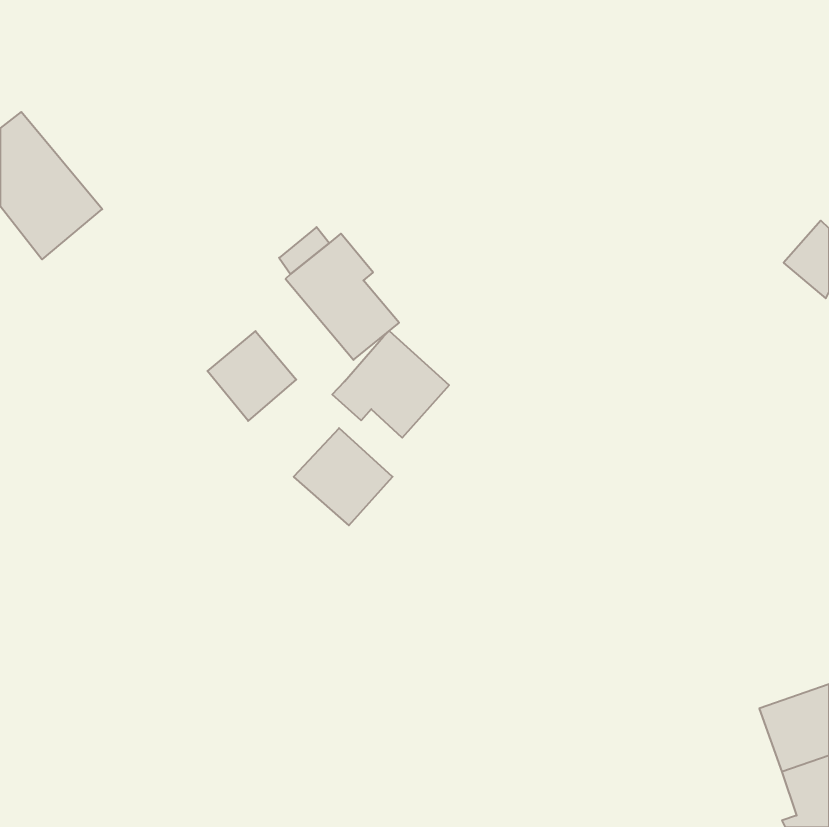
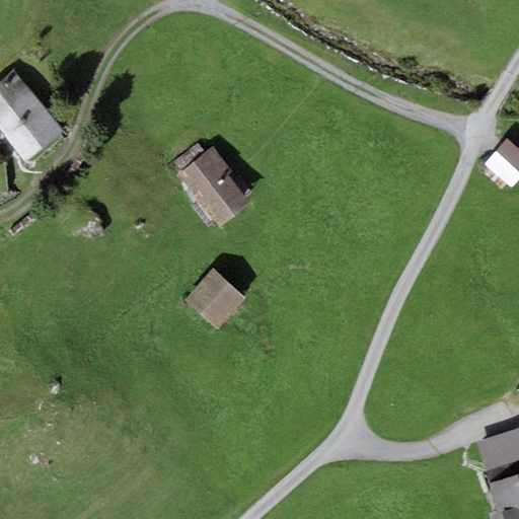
building: [332,331,449,438] -> none
building: [207,331,296,421] -> none

